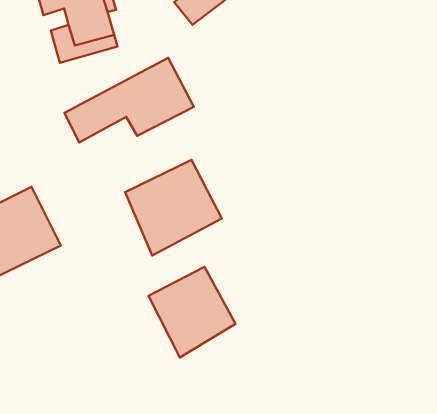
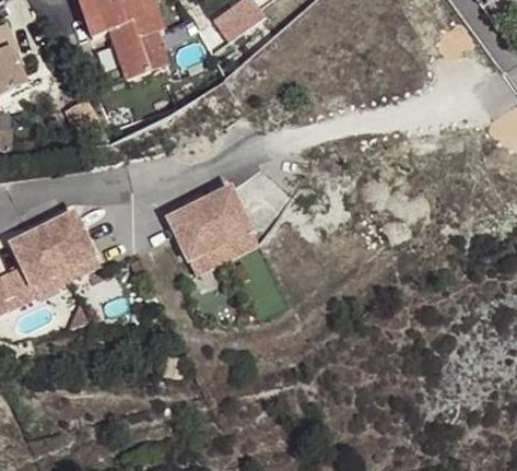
building: [65,58,194,143] -> none
building: [149,267,236,358] -> none

